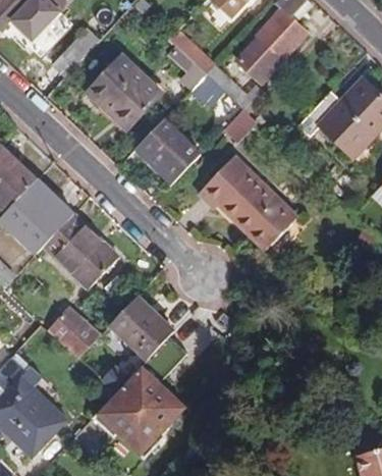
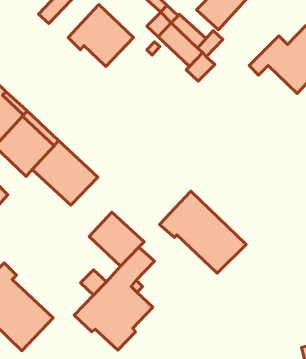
building: [135,118,201,184] -> none
building: [197,155,297,251] -> [160,191,246,273]
building: [48,305,101,359] -> none

